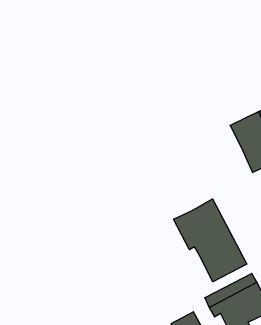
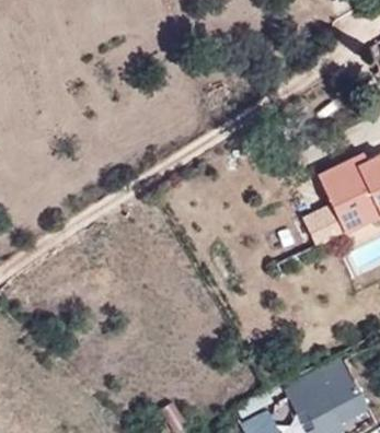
building: none -> [302,202,345,246]
building: [174,199,247,282] -> none

